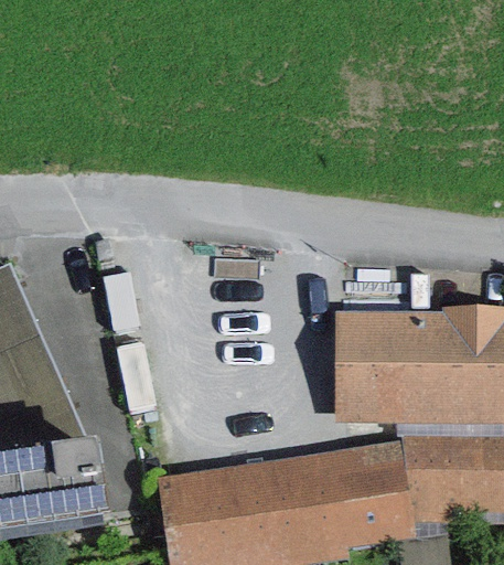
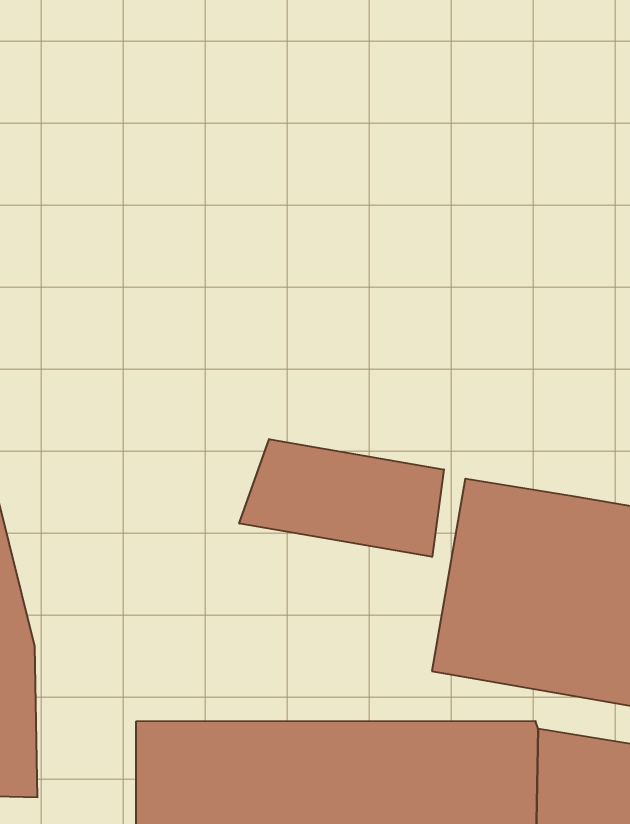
building: none -> [239,439,444,557]

